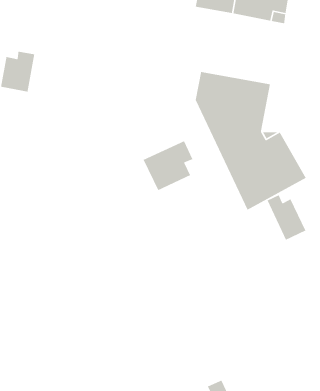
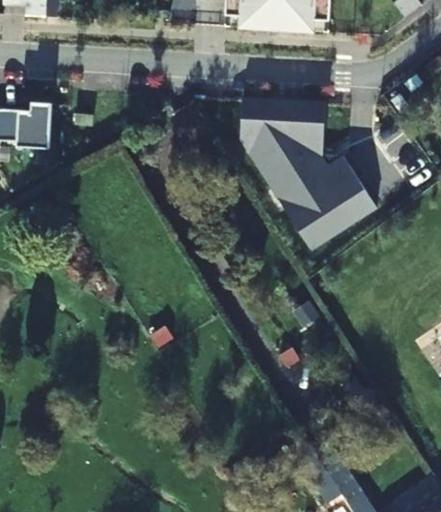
building: [142,140,194,191] -> none
building: [267,194,306,241] -> none

